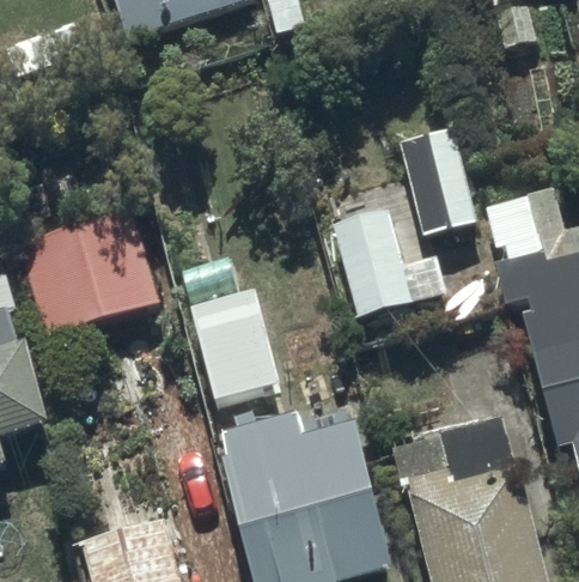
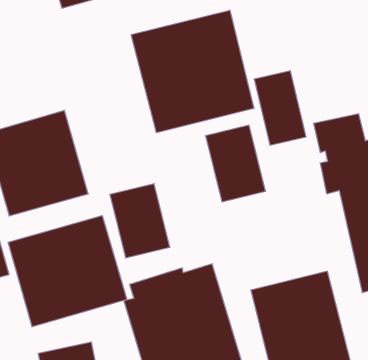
building: none -> [131,10,254,133]
building: none -> [8,216,127,327]

